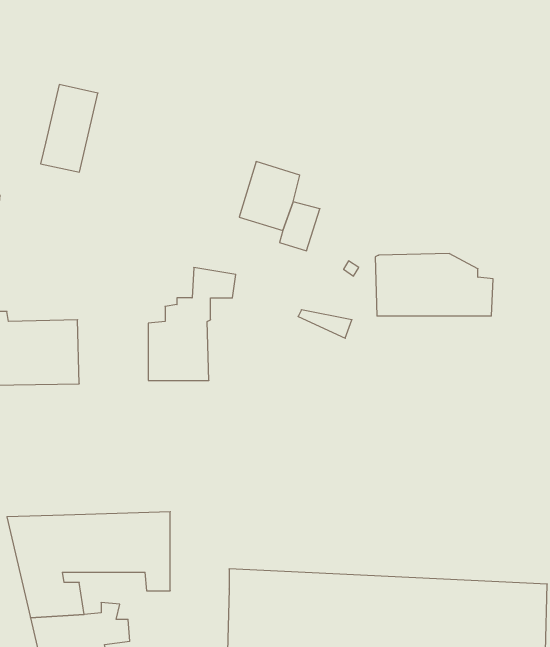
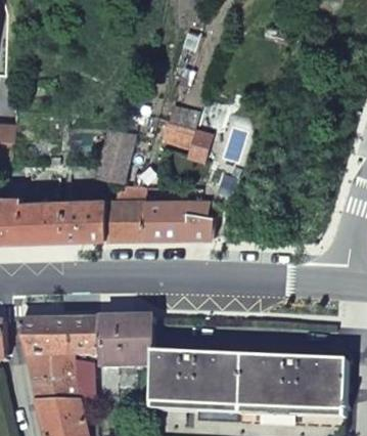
building: [41,85,98,172] -> [96,129,131,182]
building: [375,254,493,316] -> [141,201,213,238]
building: none -> [62,174,105,241]
building: none -> [119,317,154,366]

